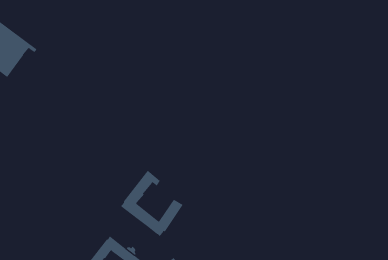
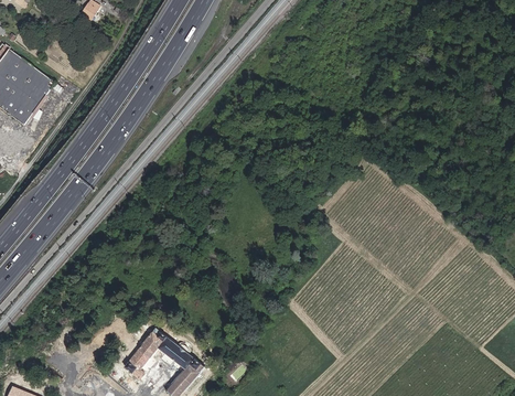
building: [120,170,184,237] -> none

